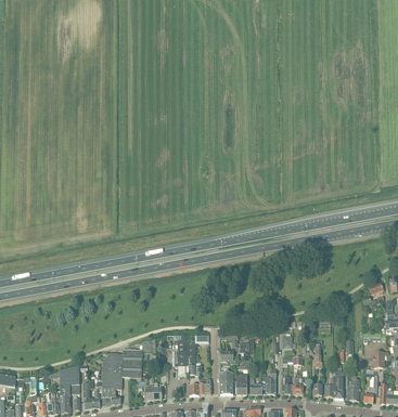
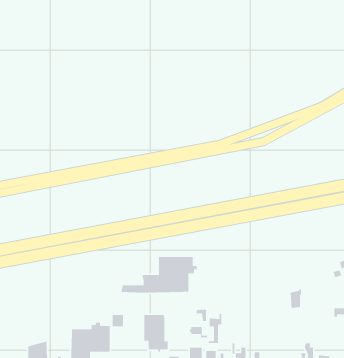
building: none -> [120,256,198,293]

